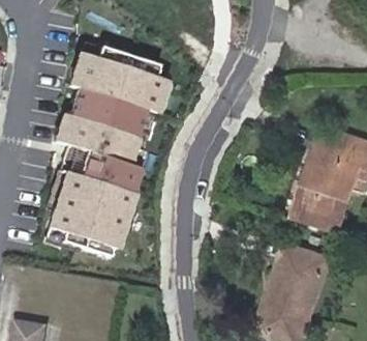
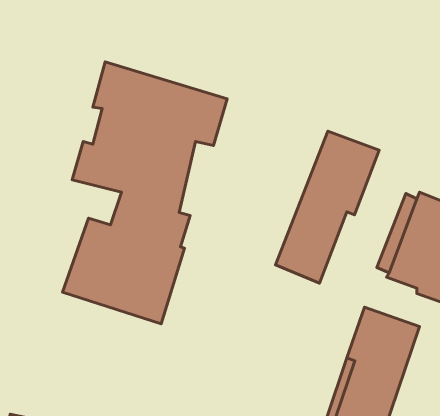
building: none -> [276,131,379,283]

